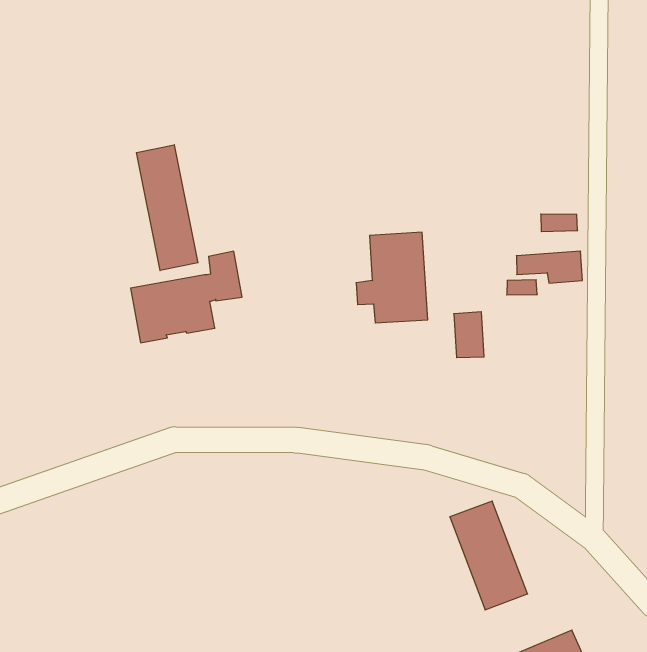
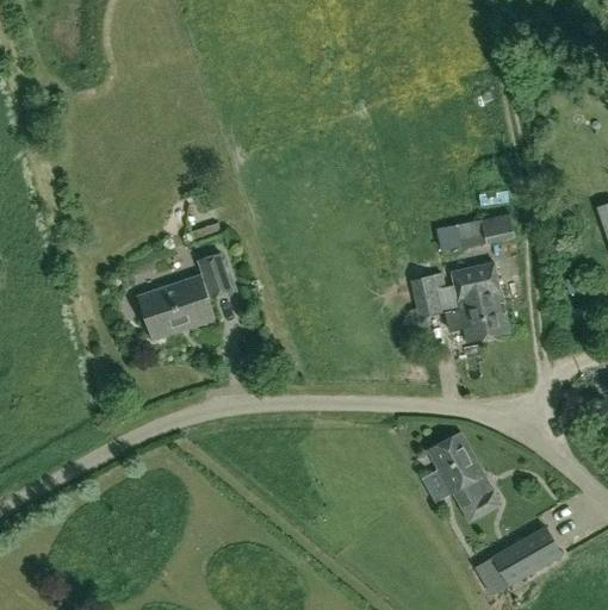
building: [136,145,198,271] -> none
building: [356,232,428,323] -> [443,261,507,341]

